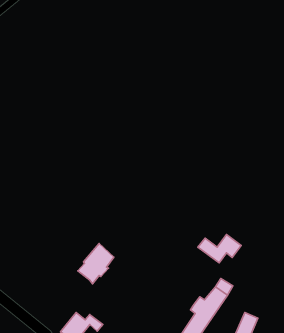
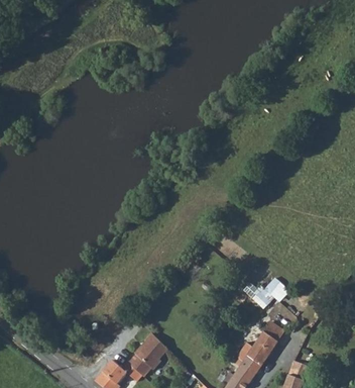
building: [78,243,114,284] -> [125,334,164,379]

